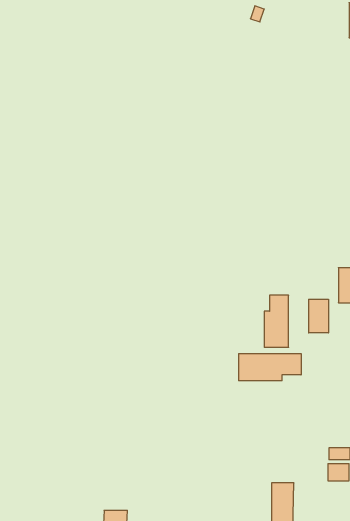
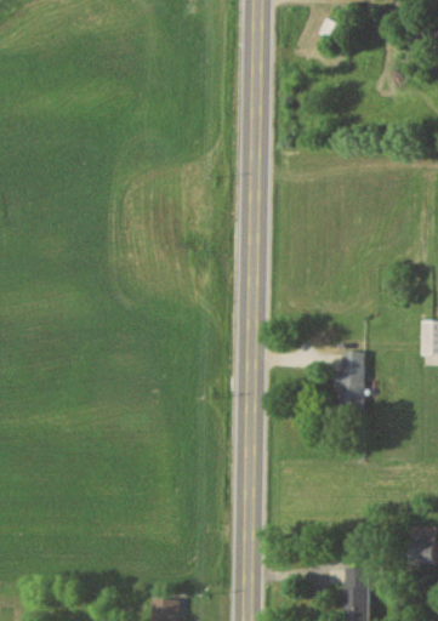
building: [309,299,328,333] -> none
building: [239,354,301,381] -> none

